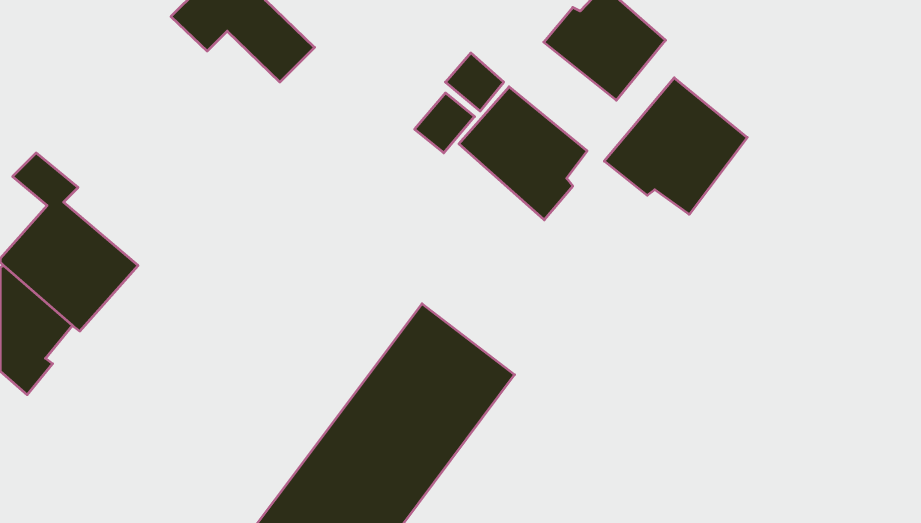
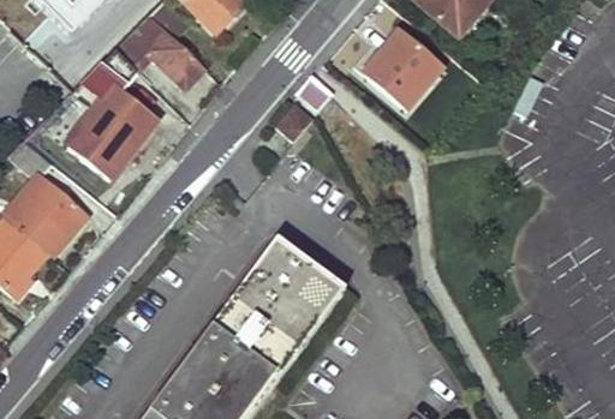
building: none -> [60,50,160,186]
building: [604,78,747,214] -> none
building: [459,87,587,220] -> none

